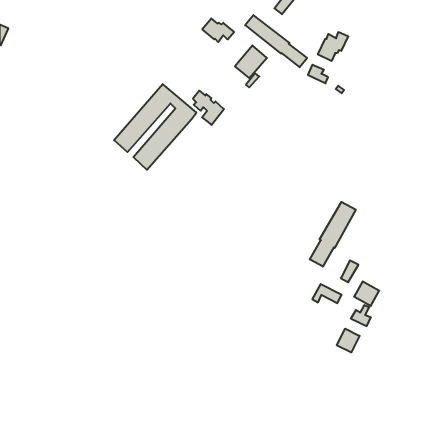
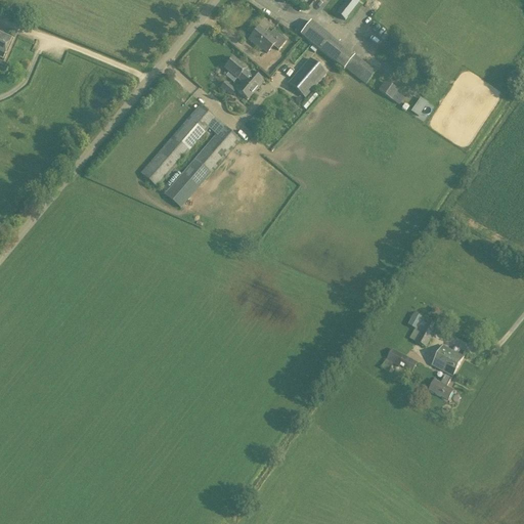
building: [318,32,348,61] -> none
building: [193,91,224,125] -> [223,55,261,97]
building: [310,202,356,267] -> none
building: [337,329,360,352] -> none

